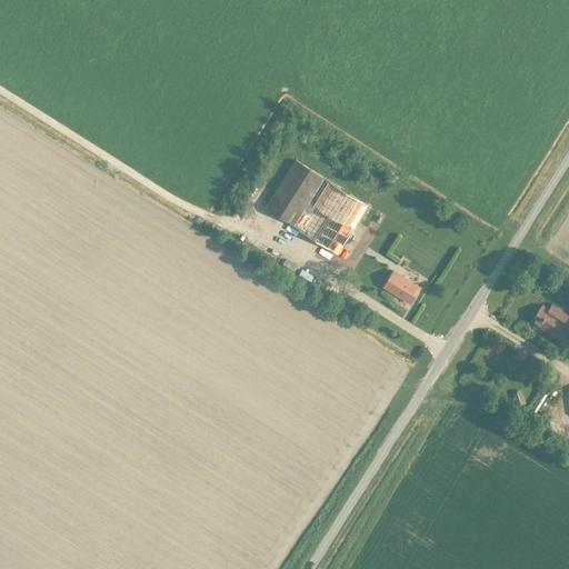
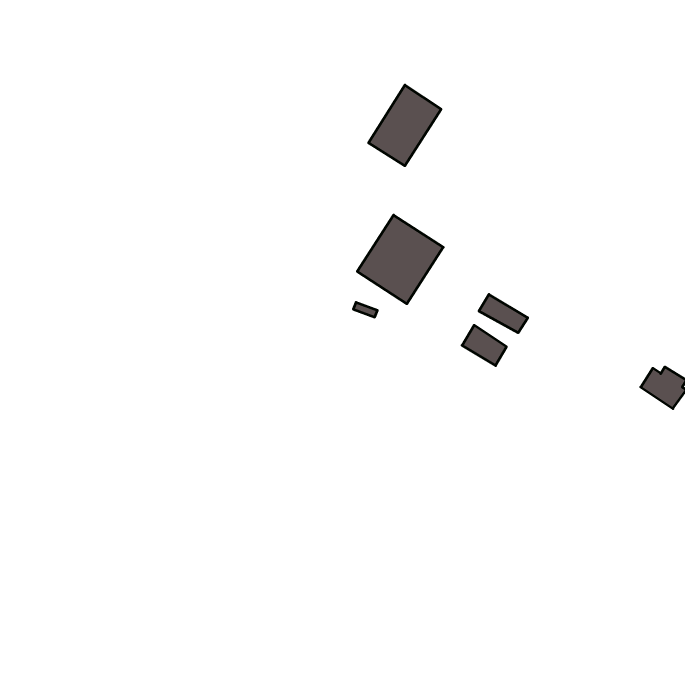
building: [267,160,327,227] -> [369,85,441,166]
building: none -> [479,294,528,333]

